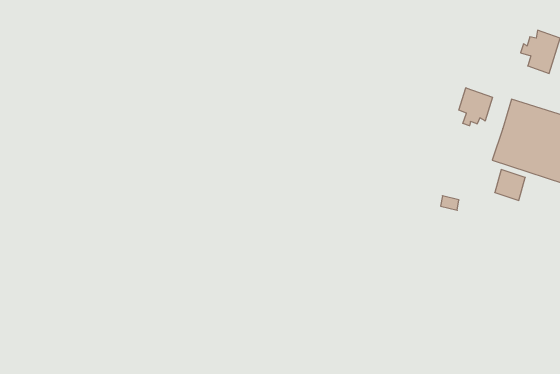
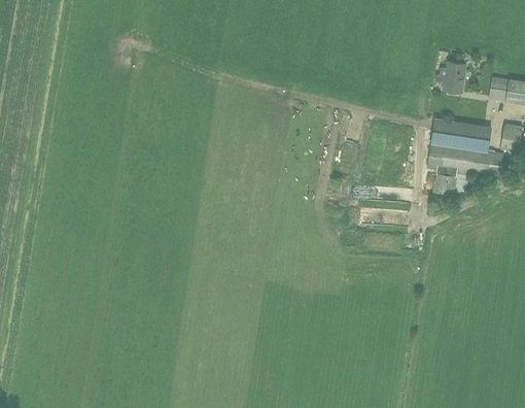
building: [459,88,493,126] -> none

